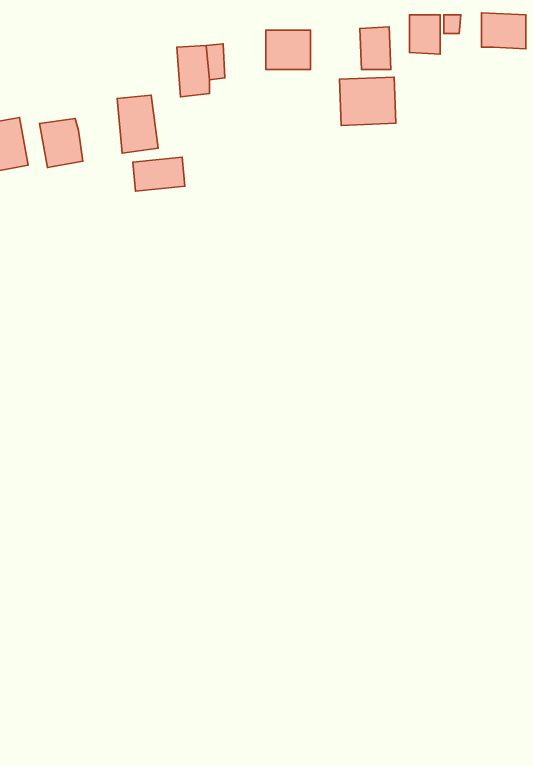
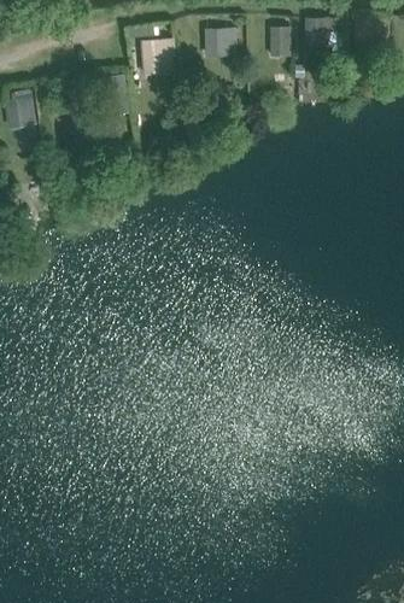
building: [339,77,396,125] -> none
building: [40,119,83,168] -> none
building: [133,157,185,191] -> none

